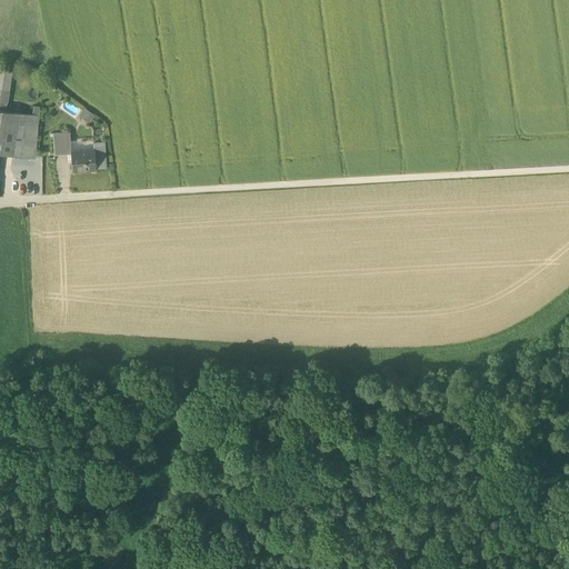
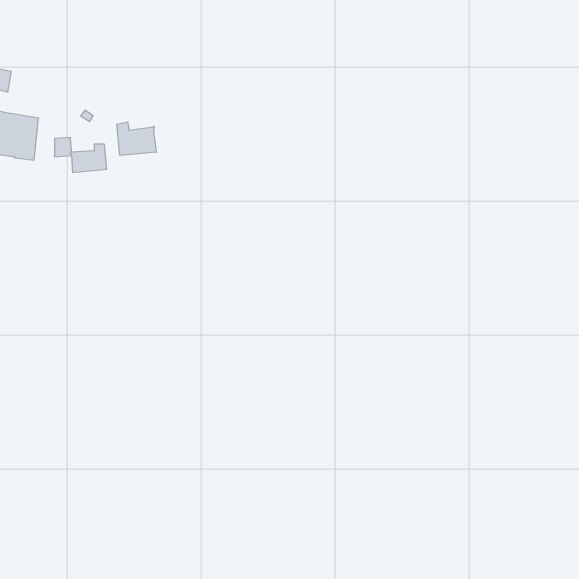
building: none -> [117,122,156,155]

